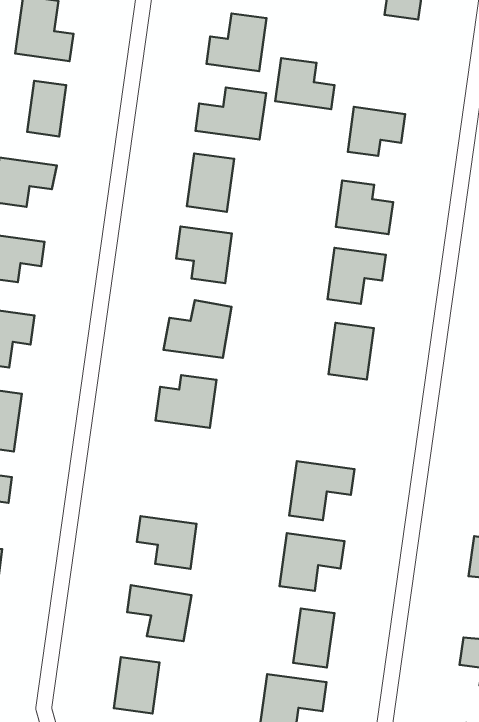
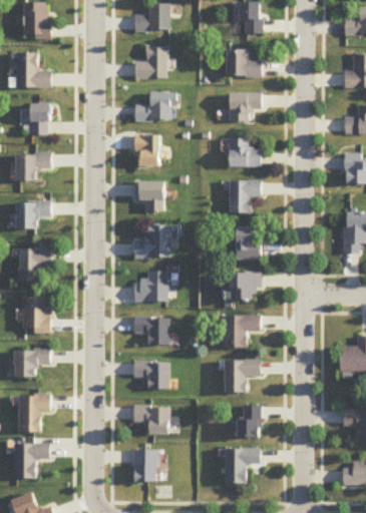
building: [275,58,335,109] -> [227,49,262,76]
building: none -> [231,273,260,300]
building: none -> [133,317,169,345]

